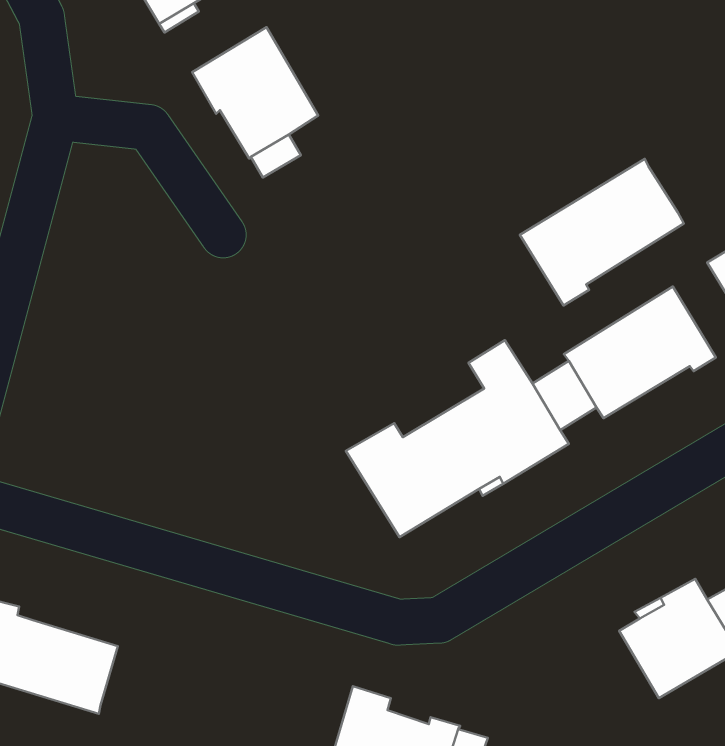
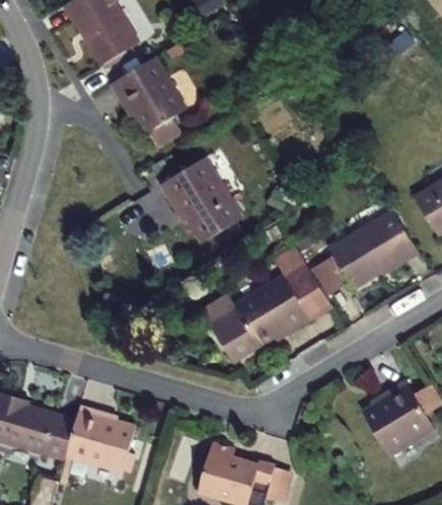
building: [520,159,684,306] -> none
building: none -> [163,159,245,245]
building: none -> [61,405,138,475]

